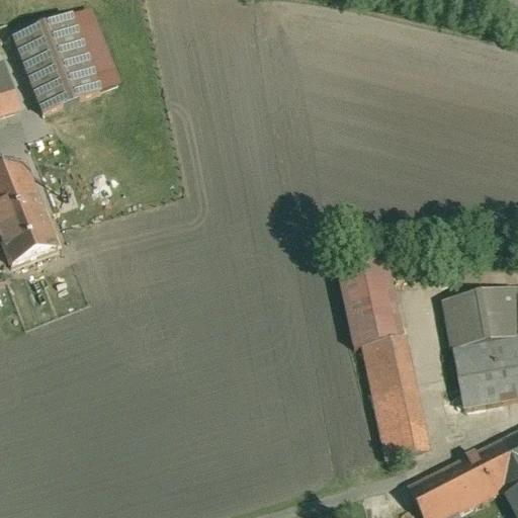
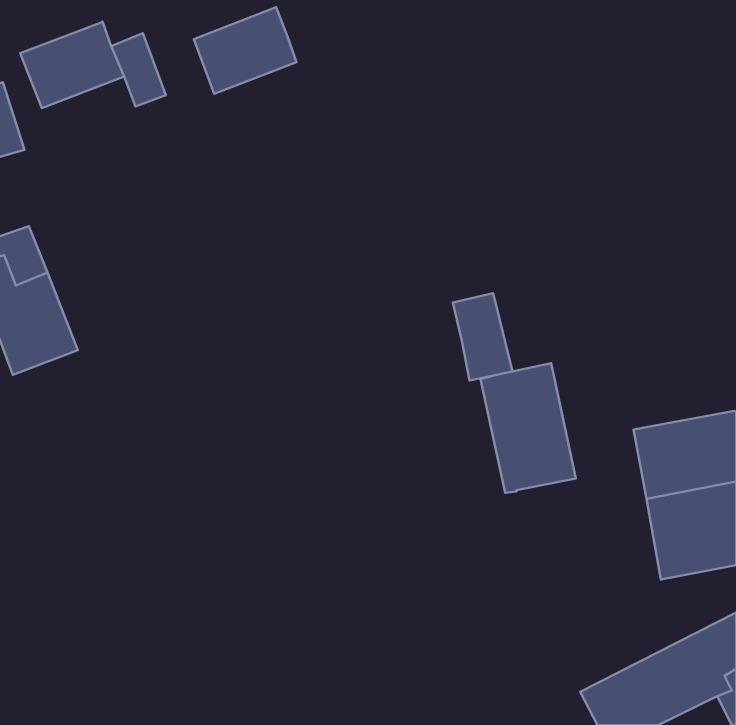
building: [29,54,101,114] -> [194,7,296,94]
building: none -> [453,293,512,380]
building: [362,335,433,460] -> none

